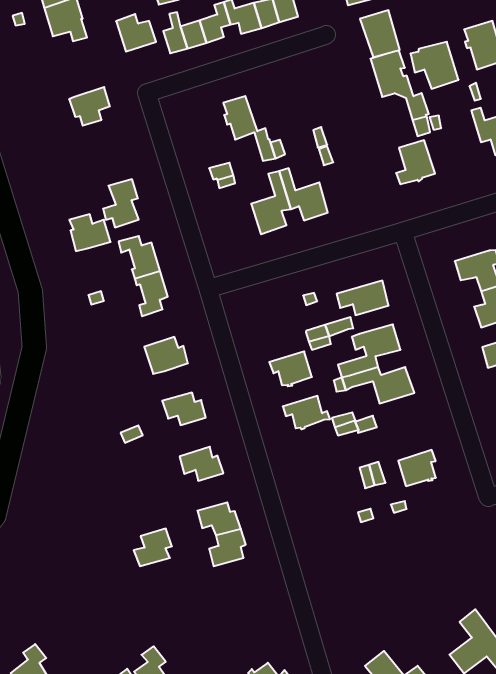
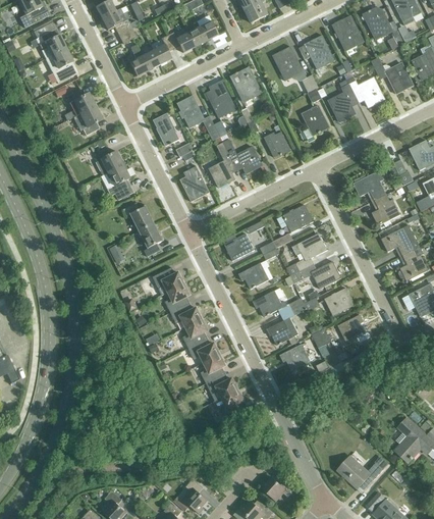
building: [360,10,400,57] -> [230,67,261,101]
building: [116,14,156,52] -> [65,90,95,116]
building: none -> [207,85,233,117]
building: none -> [328,80,357,121]
building: none -> [153,113,178,146]
building: none -> [264,132,291,157]
building: none -> [179,166,209,201]
building: [69,214,111,251] -> [94,149,124,175]
building: none -> [224,232,254,260]
building: none -> [165,283,189,312]
building: none -> [324,288,355,315]
building: none -> [182,318,208,348]
building: none -> [267,316,297,344]
building: none -> [280,344,310,375]
building: [134,529,172,566] -> [201,354,226,382]

